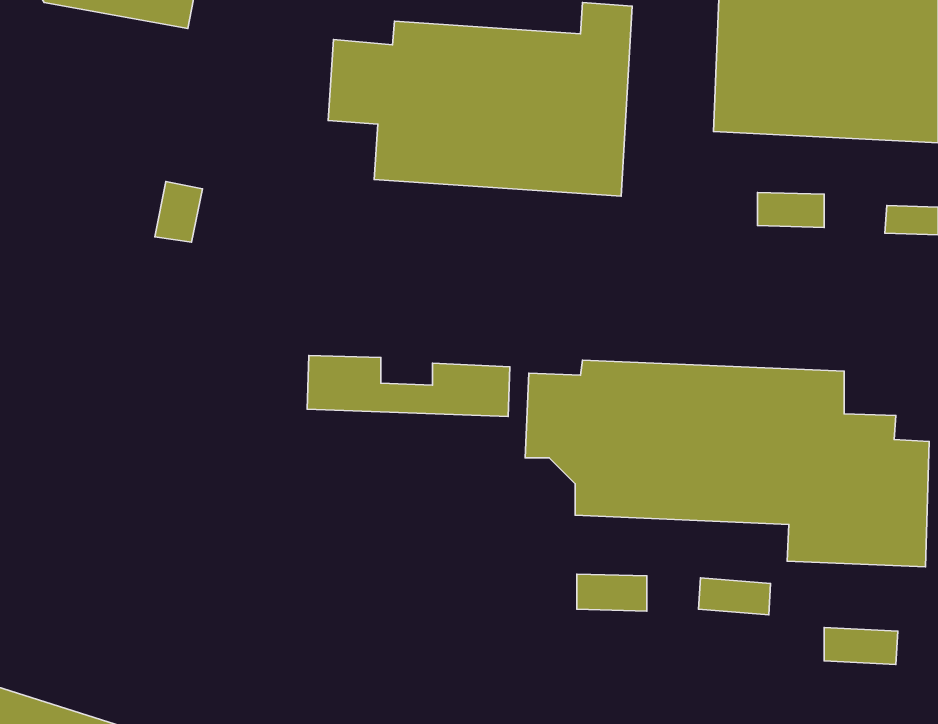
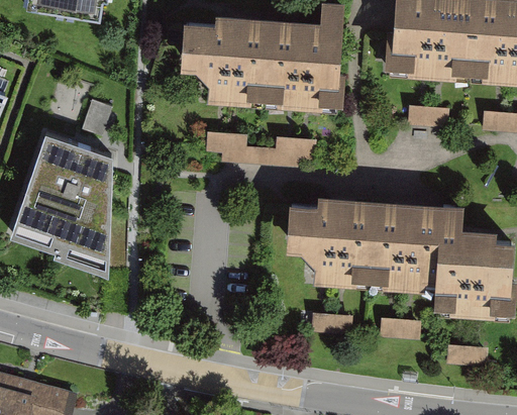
building: none -> [11,127,112,270]
building: [307,356,510,416] -> [207,133,318,167]

